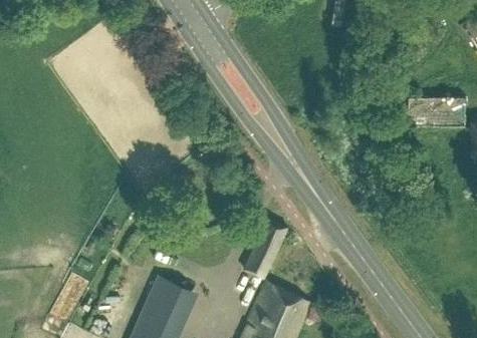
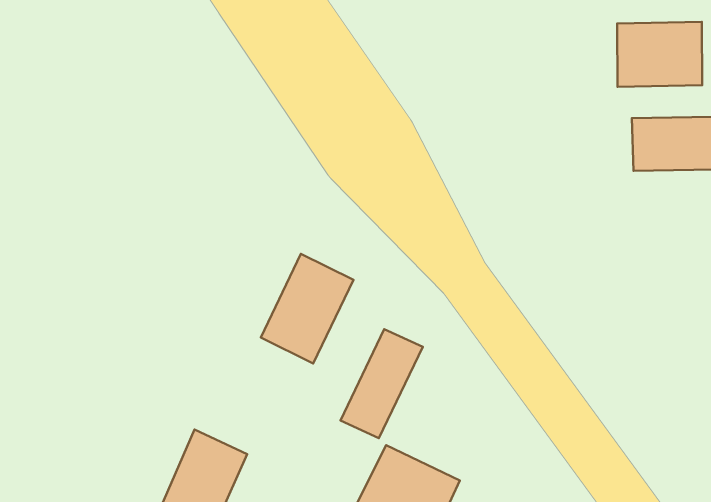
building: none -> [617,22,702,87]
building: none -> [261,254,354,364]

